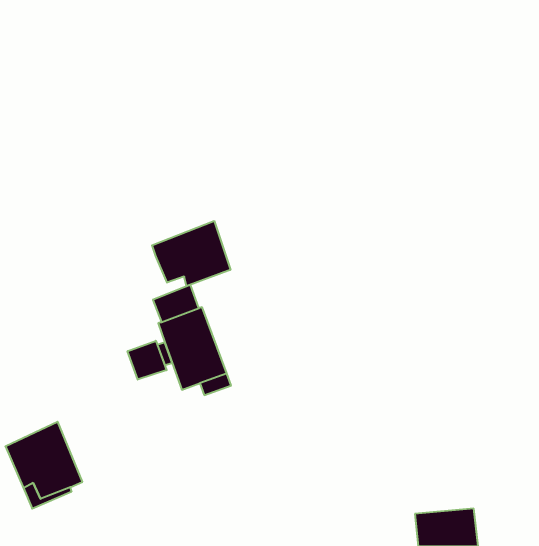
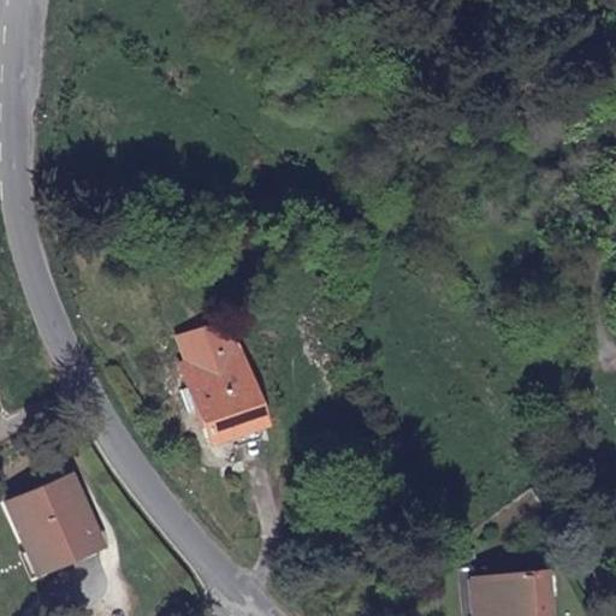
building: [152,221,230,286] -> none
building: [128,341,167,380] -> none

